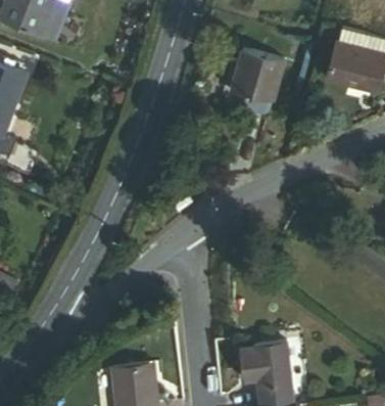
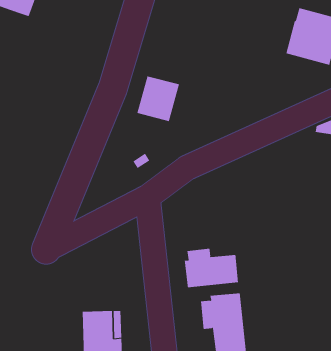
building: [239,53,286,103] -> [137,76,180,122]
building: none -> [184,248,238,288]

